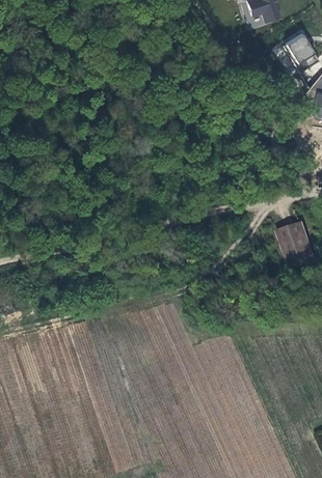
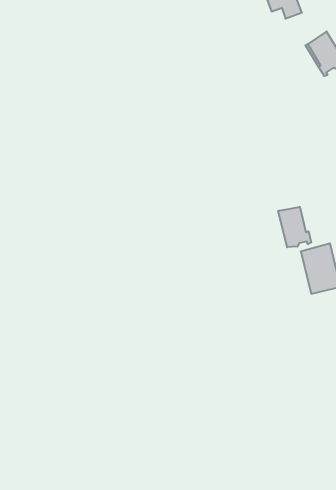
building: none -> [278,207,311,247]

